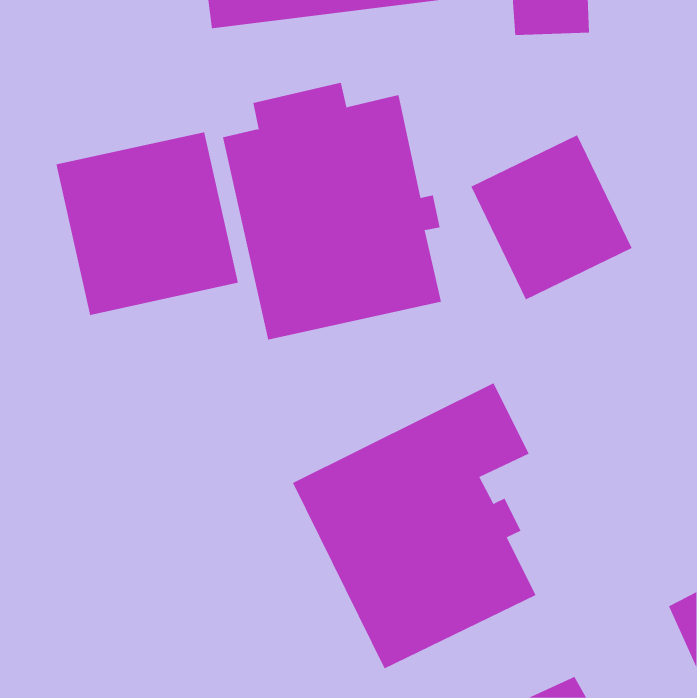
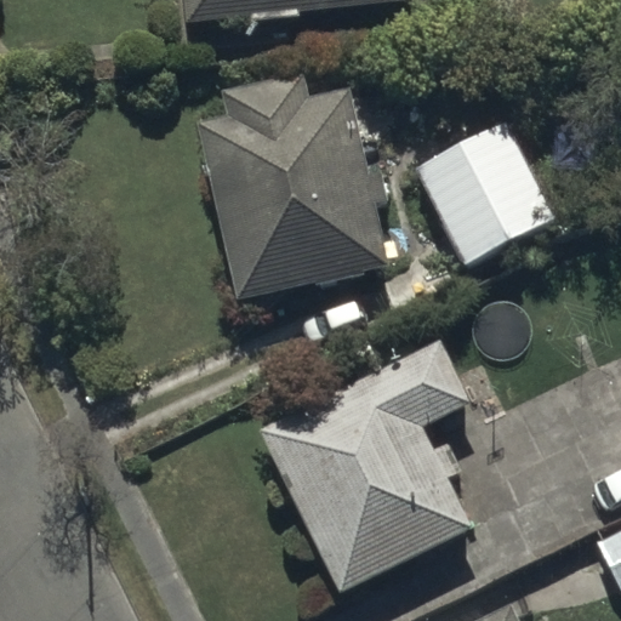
building: [56,132,238,316] -> none

